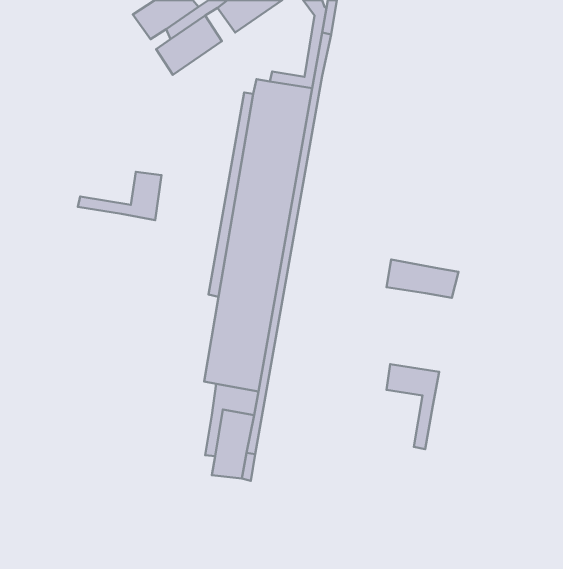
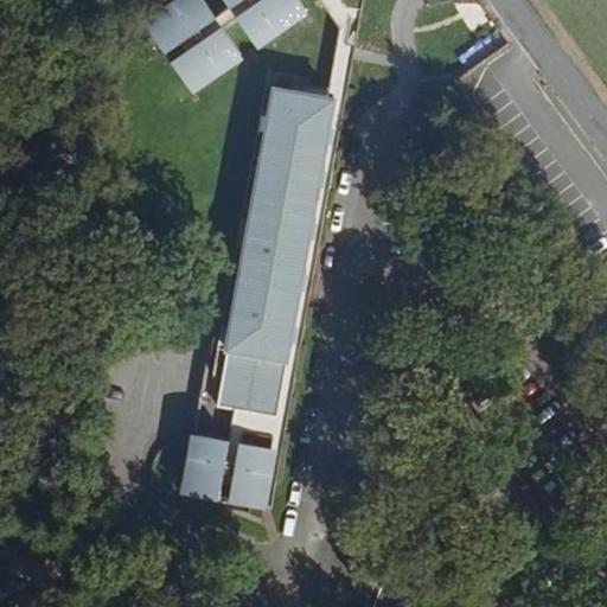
building: [78,172,161,220] -> none
building: [386,259,459,298] -> none
building: [386,364,439,449] -> none
building: none -> [183,437,225,503]

